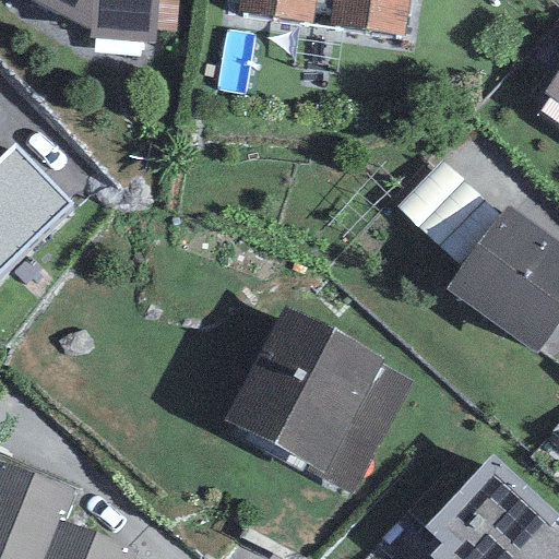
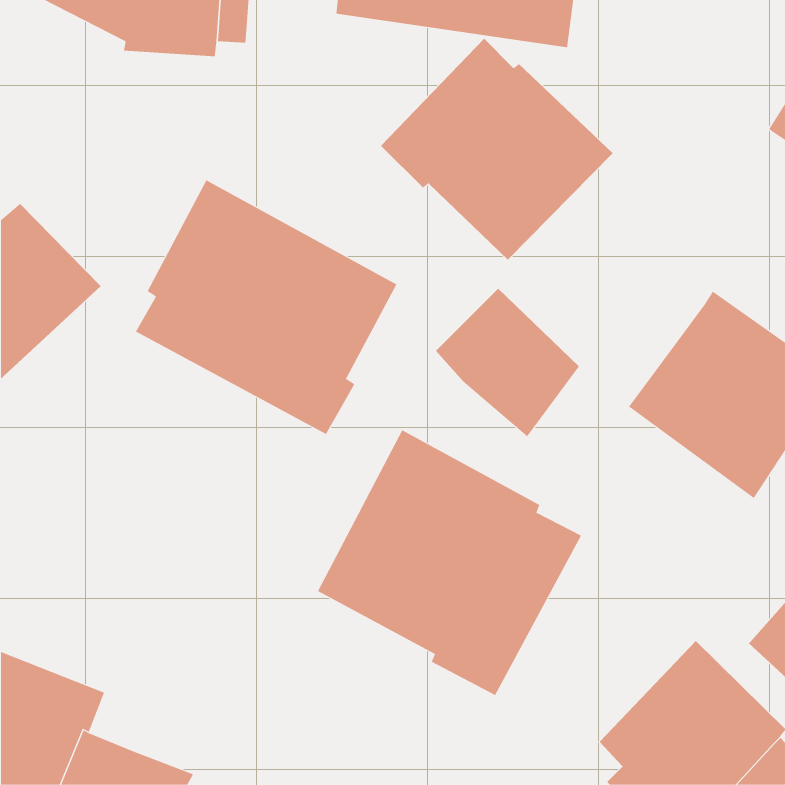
building: none -> [380,38,613,260]
building: none -> [135,179,397,435]
building: [397,160,500,266] -> [435,288,580,437]

